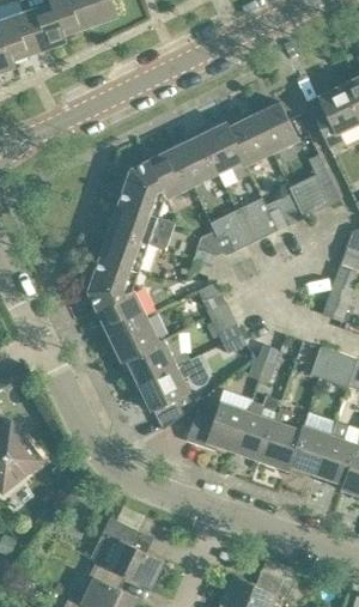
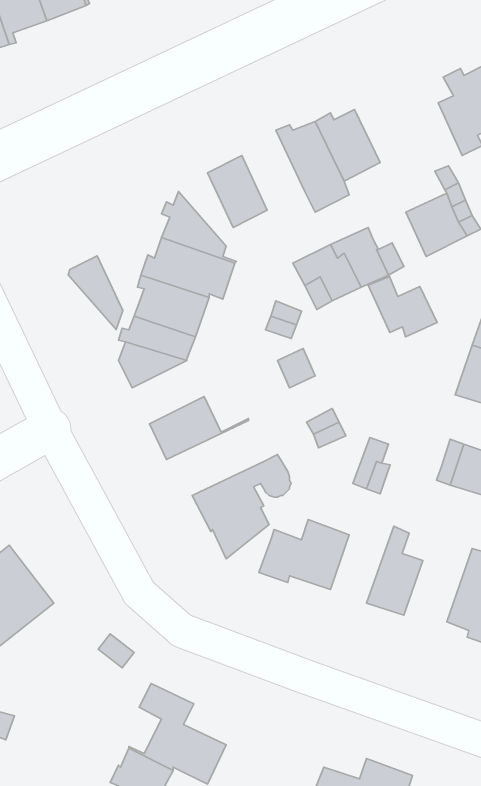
building: [252,102,298,152] -> none
building: [174,129,218,186] -> none
building: [129,159,168,211] -> [68,256,123,329]
building: none -> [368,276,437,337]
building: [97,291,147,335] -> none
building: [121,333,189,386] -> none
building: [236,395,282,461] -> none
building: [287,423,335,474] -> none

